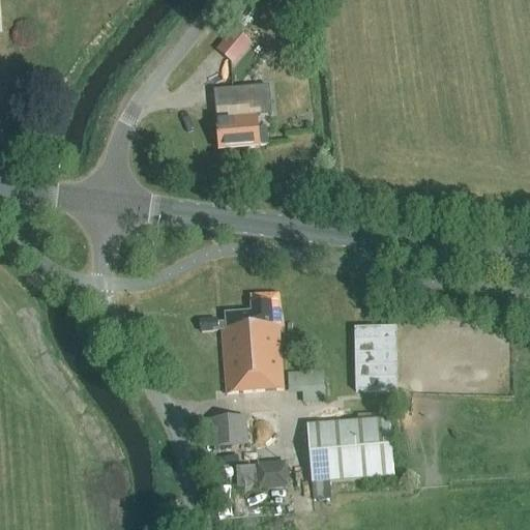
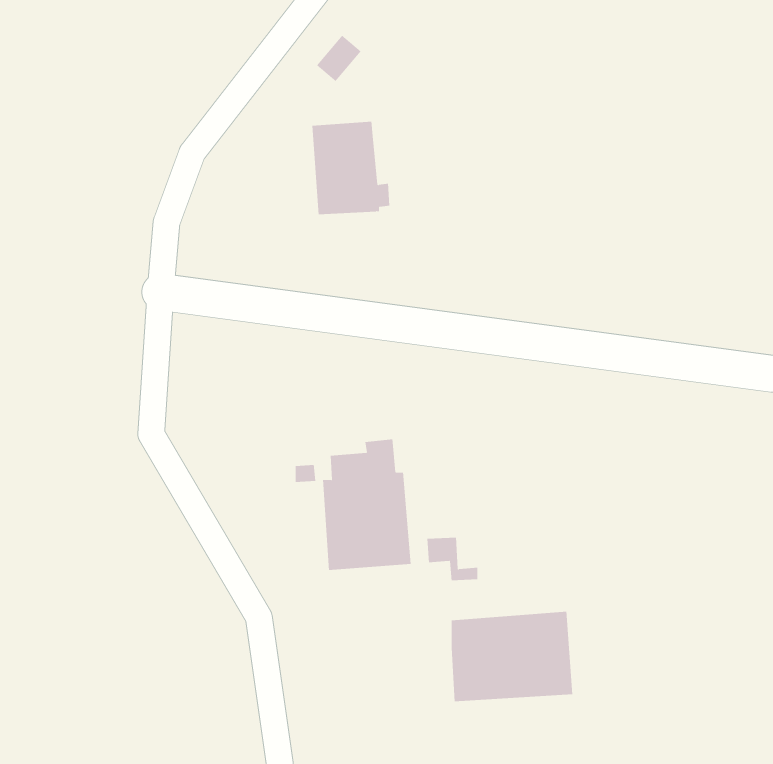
building: [358,321,404,387] -> none
building: [208,414,245,444] -> none
building: [240,458,292,506] -> none

